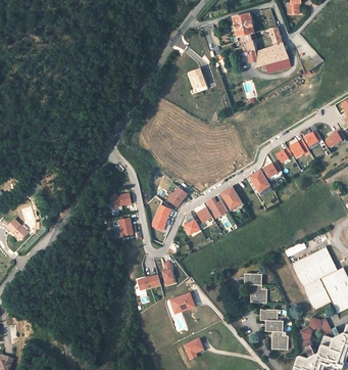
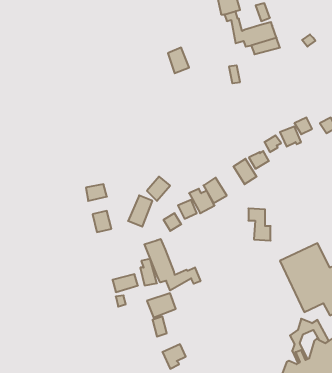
building: none -> [144,239,200,290]
building: [245,273,265,303] -> [248,208,271,241]
building: [260,309,287,349] -> none

